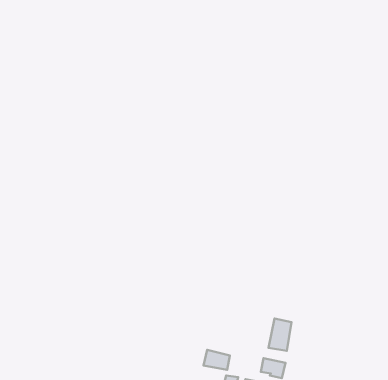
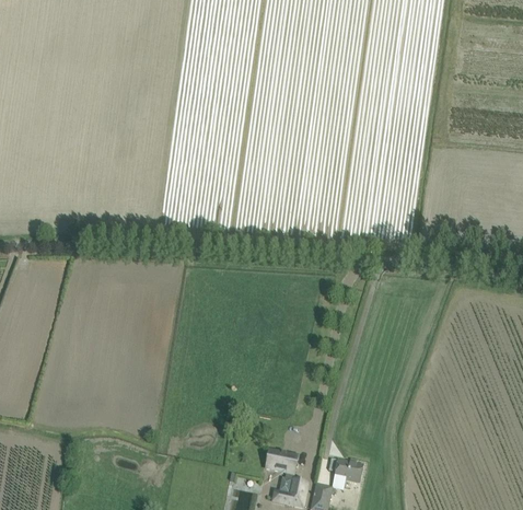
building: [268,318,292,351] -> none

